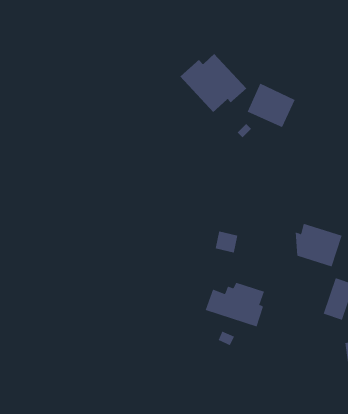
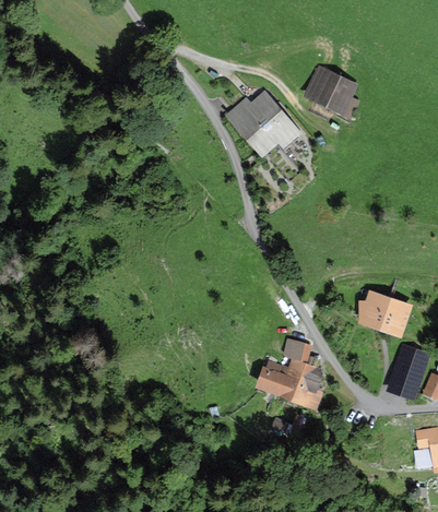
building: [247,83,296,128] -> [301,63,358,116]
building: [215,231,238,253] -> [281,334,308,360]

